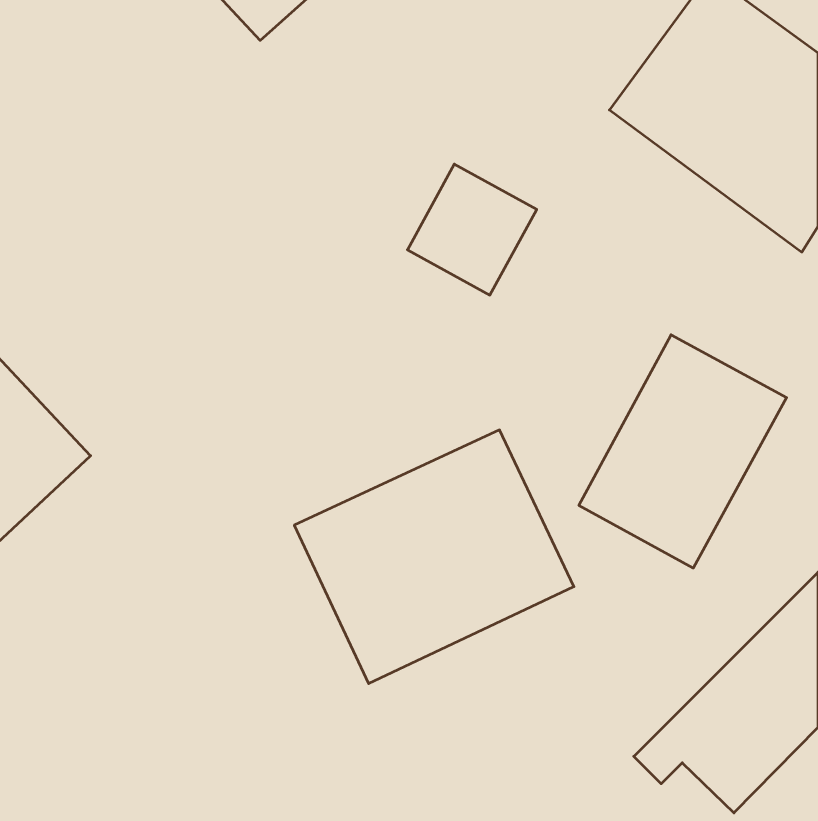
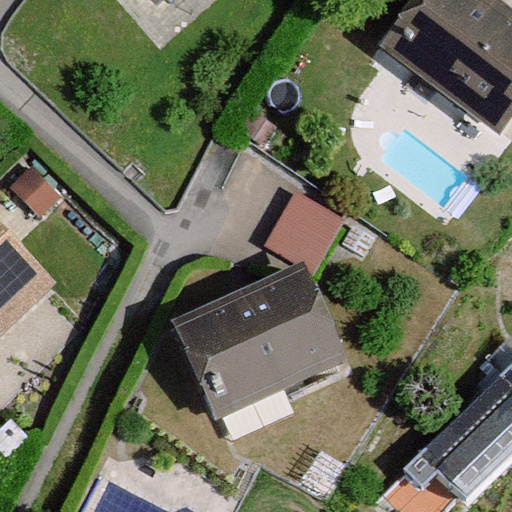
building: [407,164,537,295] -> [265,187,345,268]
building: [579,335,787,568] -> none

